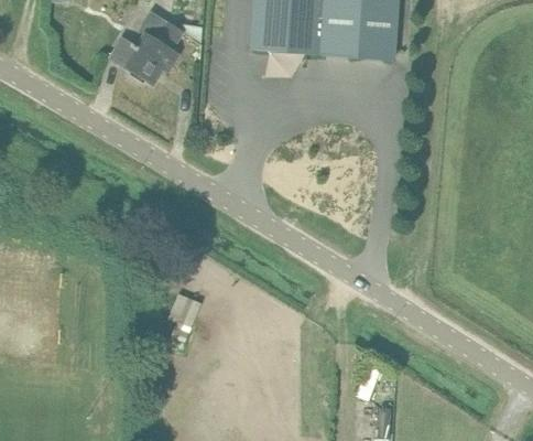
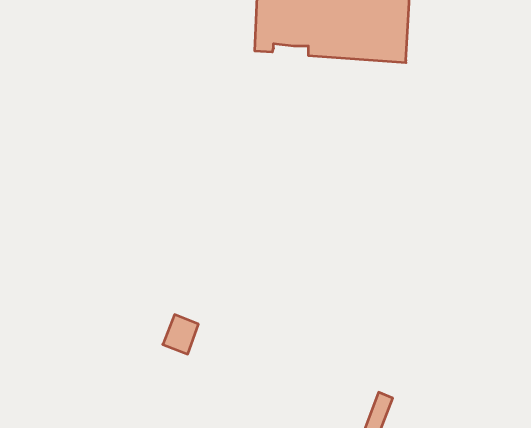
building: [111,13,180,84] -> none

